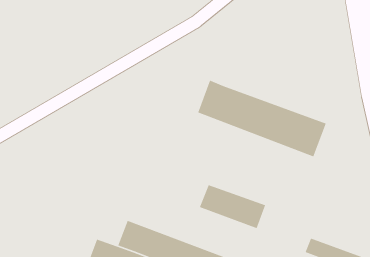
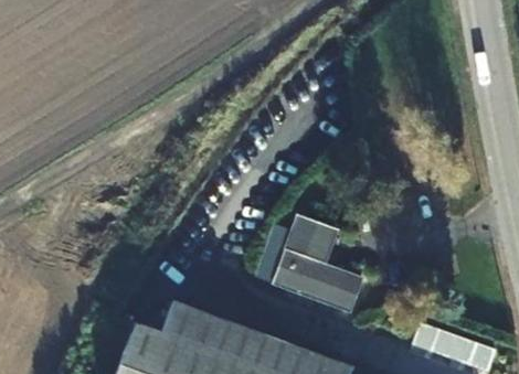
building: [197,79,327,158] -> none
building: none -> [284,214,337,266]

